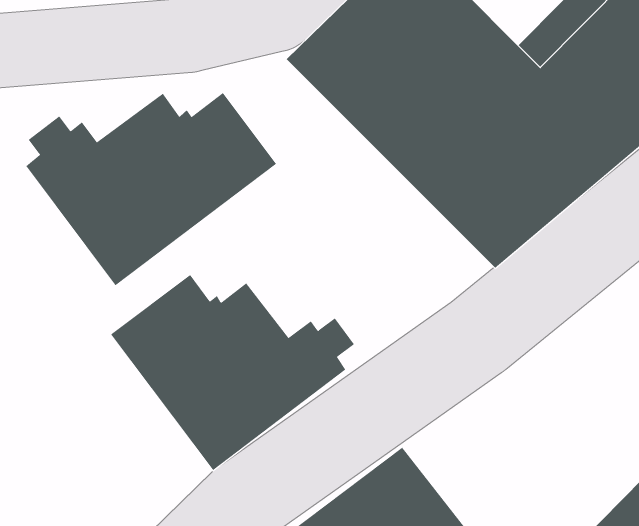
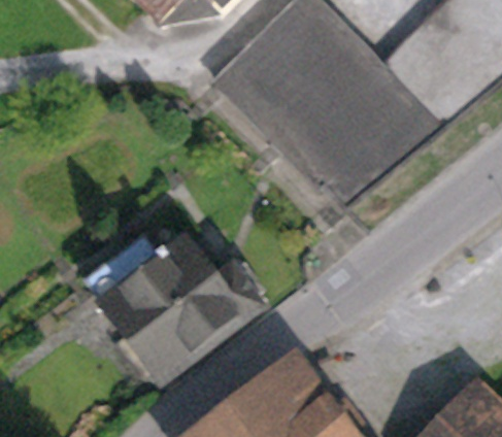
building: [25,92,277,286] -> none

